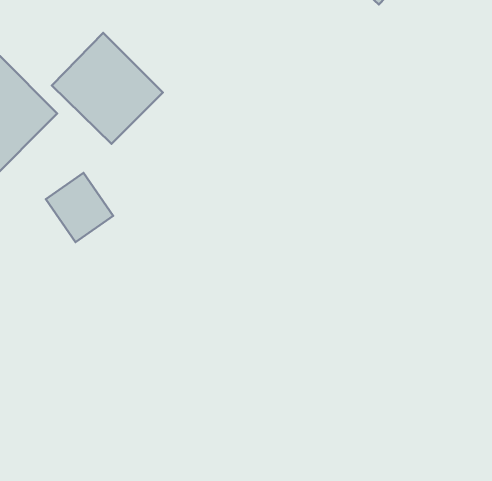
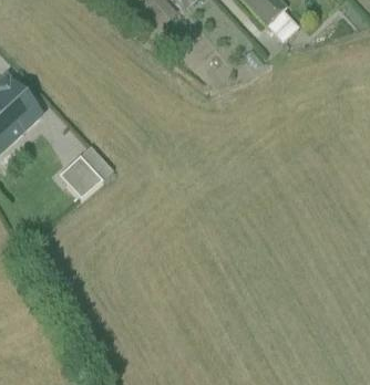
building: [52,33,163,144] -> none

